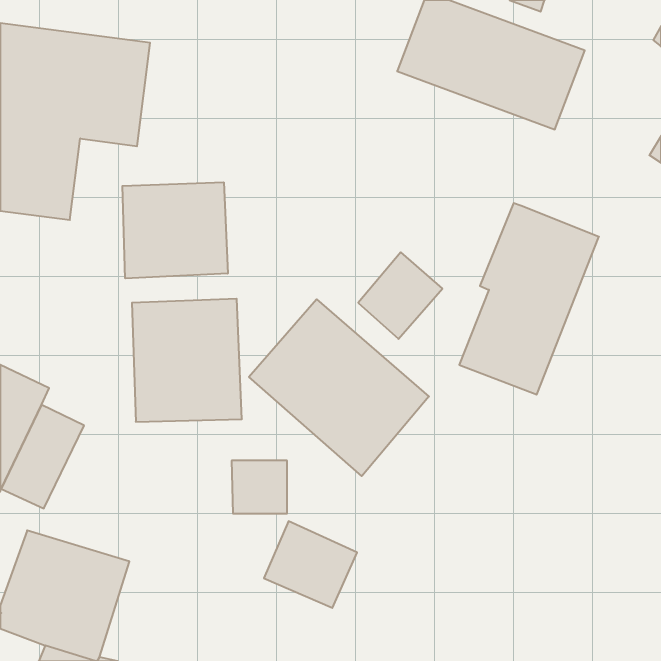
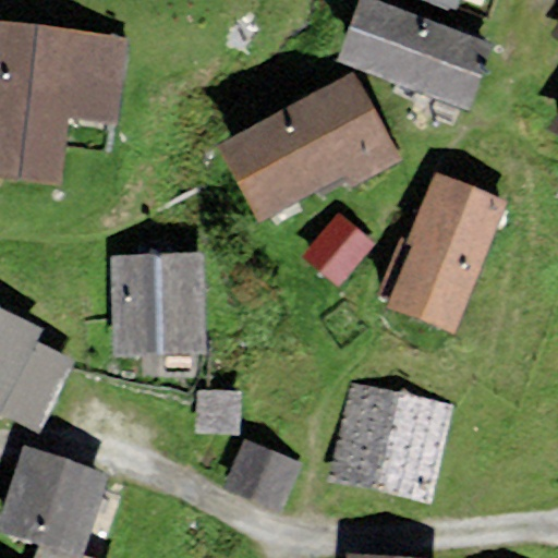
building: none -> [217,72,401,220]
building: [122,182,228,278] -> none
building: [249,299,429,476] -> none
building: none -> [327,383,451,505]

